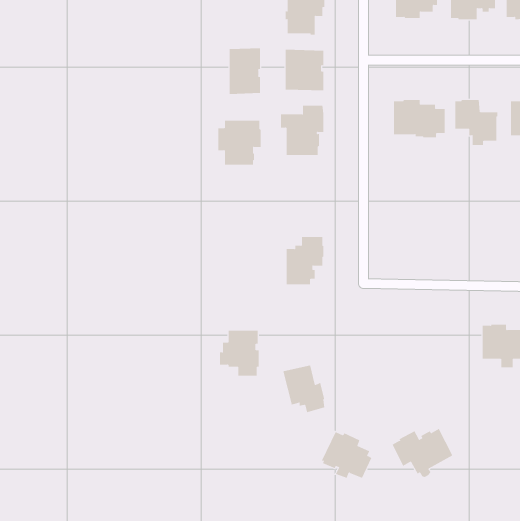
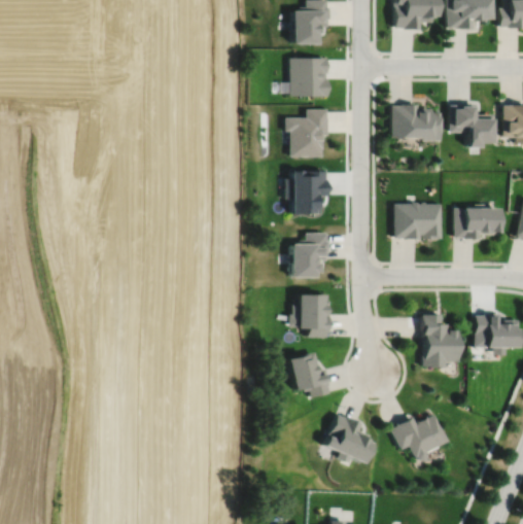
building: [229,47,261,95] -> none
building: [218,120,261,165] -> [286,171,327,213]
building: none -> [393,202,442,240]
building: none -> [455,205,500,239]
building: none -> [421,314,458,369]
building: [219,330,260,376] -> [290,294,328,338]

